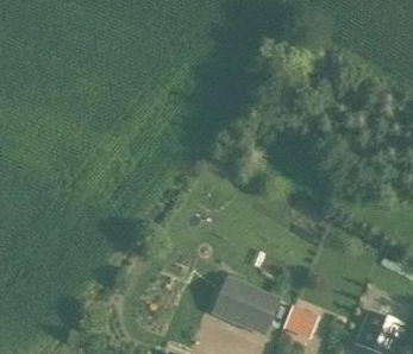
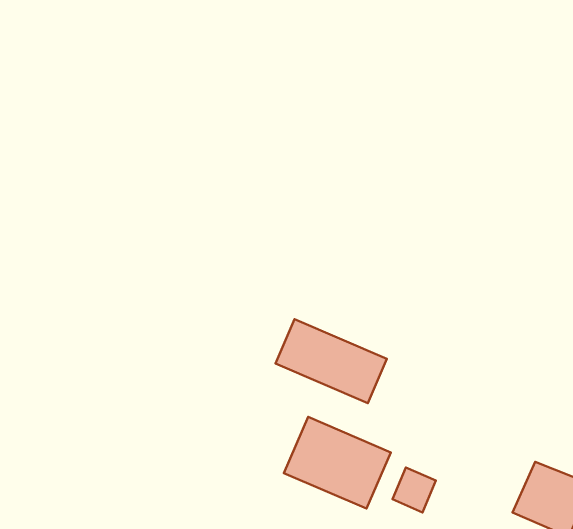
building: none -> [276,319,387,403]

